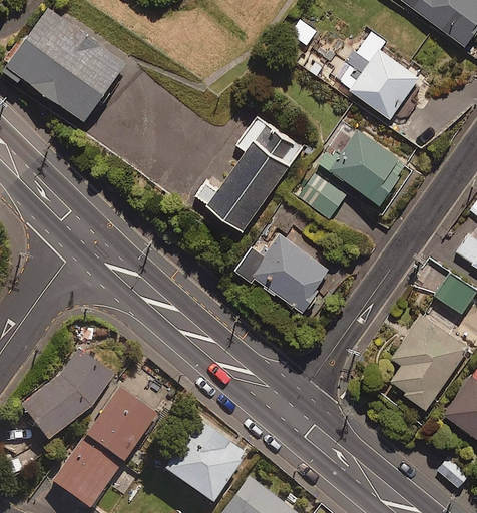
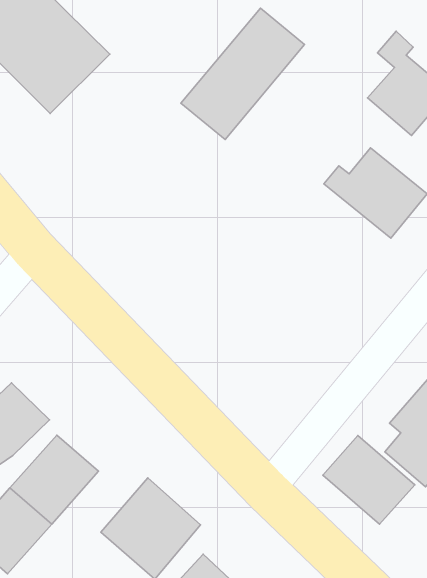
building: [205,124,304,235] -> [181,8,305,140]
building: [299,171,348,219] -> none
building: [236,236,328,312] -> none
building: none -> [323,436,415,524]

